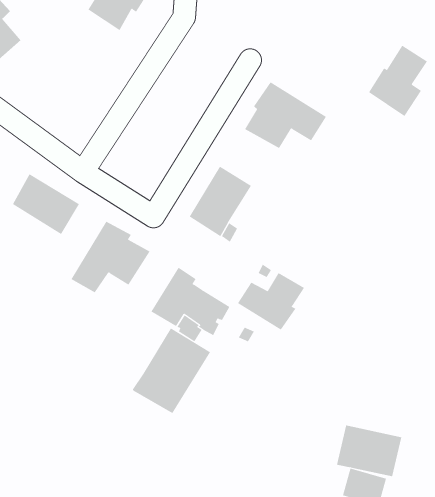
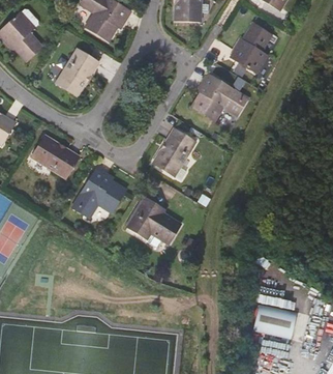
building: [368,45,428,117] -> [231,23,271,71]
building: none -> [56,49,97,95]
building: [237,272,305,331] -> none
building: [132,327,211,414] -> none

